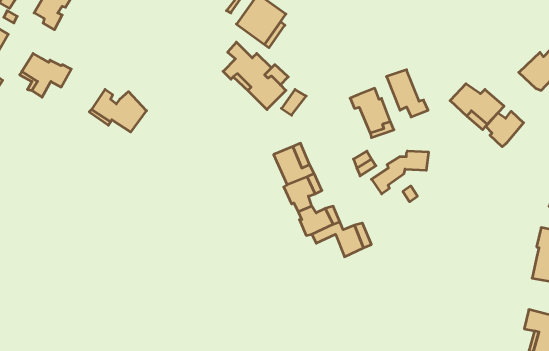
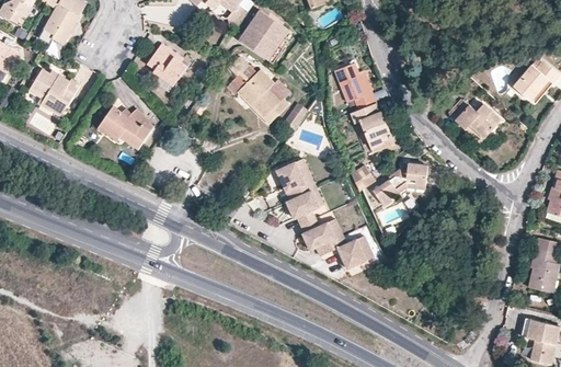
building: none -> [146,44,186,87]
building: [386,70,428,117] -> [334,64,375,110]
building: [486,111,524,147] -> none

